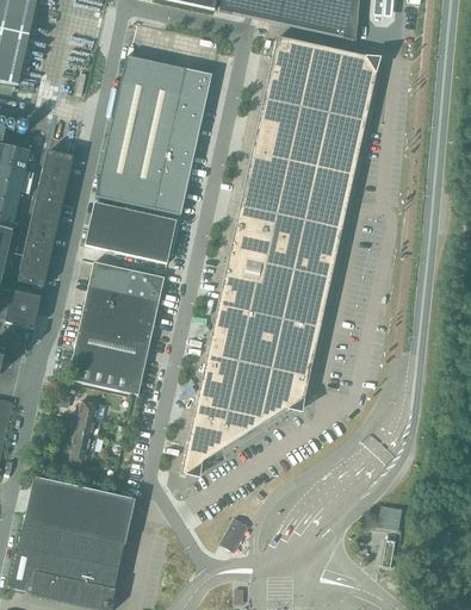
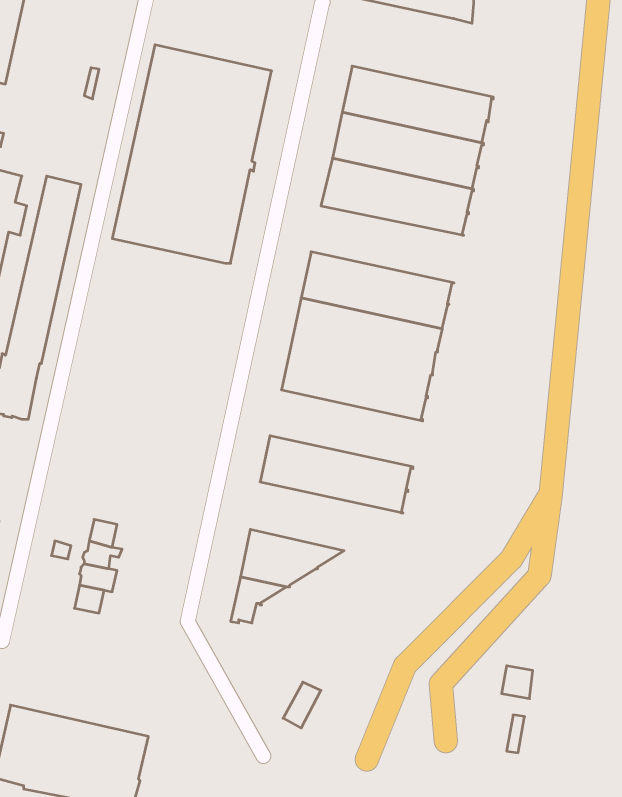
building: [268,36,374,93] -> none
building: [238,172,349,228] -> none
building: [83,201,175,262] -> none
building: [67,261,163,393] -> none
building: [209,305,320,361] -> none
building: [194,372,305,422] -> none
building: [20,477,134,556] -> none

